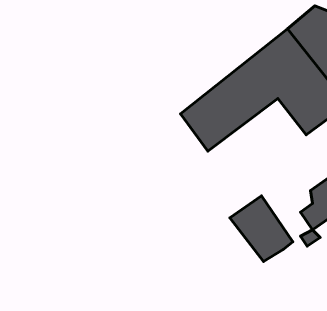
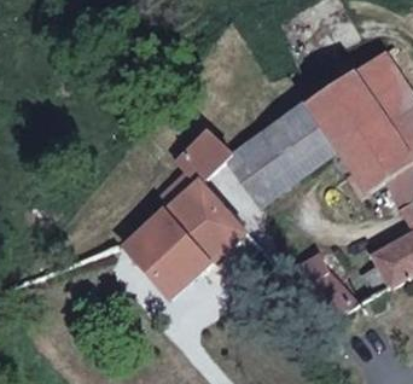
building: none -> [132,136,246,298]

